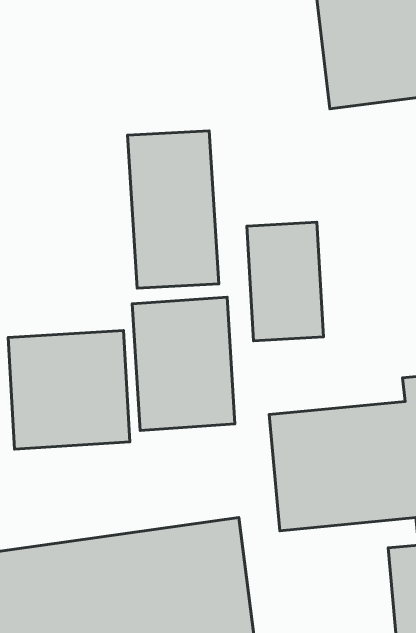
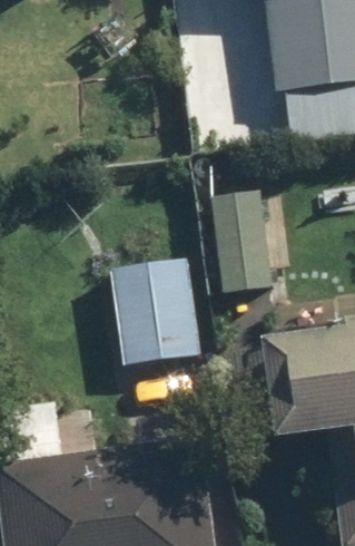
building: [127,131,219,288] -> none
building: [8,330,130,449] -> none

